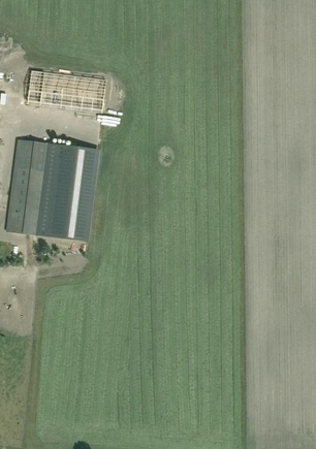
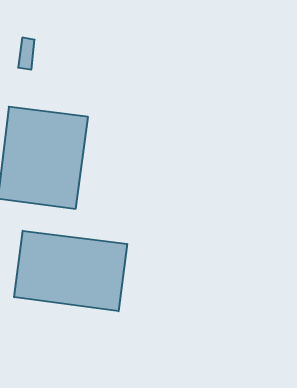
building: none -> [14,231,127,311]

